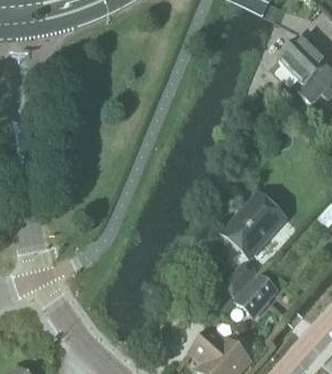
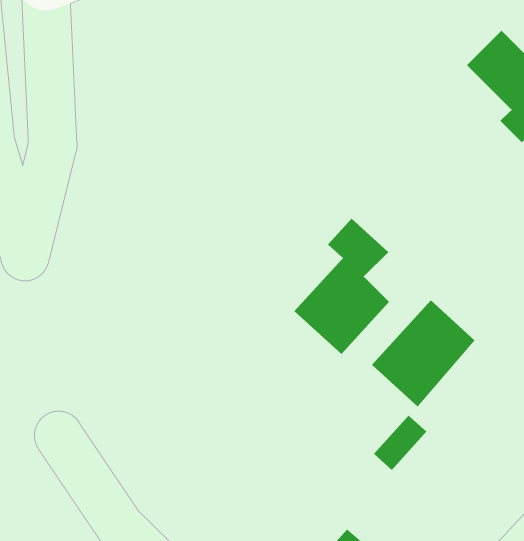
building: none -> [294,218,390,355]
building: [237,276,278,313] -> none

